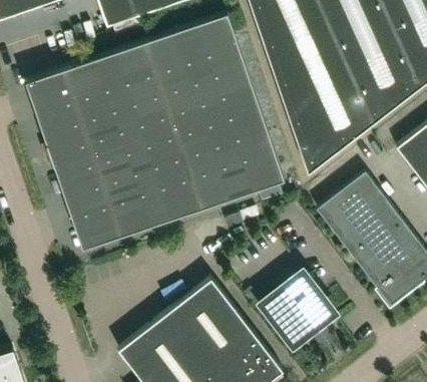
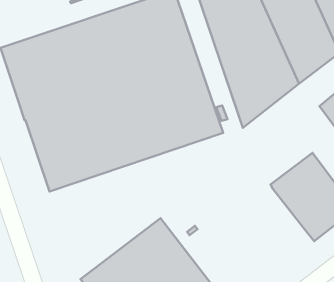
building: [316,172,388,240] -> none
building: [263,275,331,343] -> none

